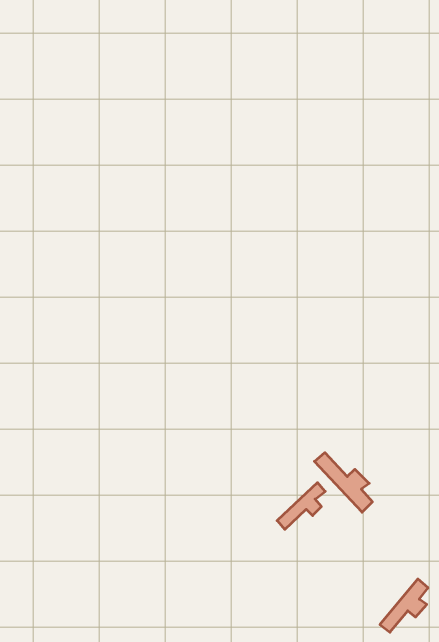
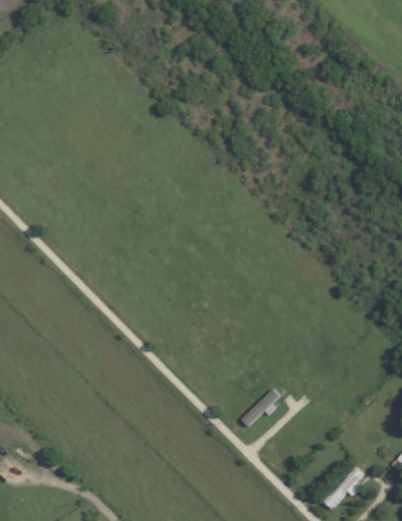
building: [314,453,372,512] -> none

